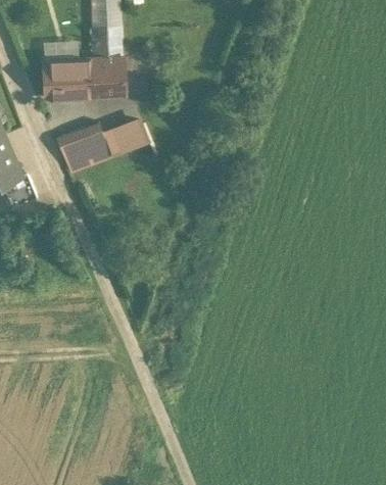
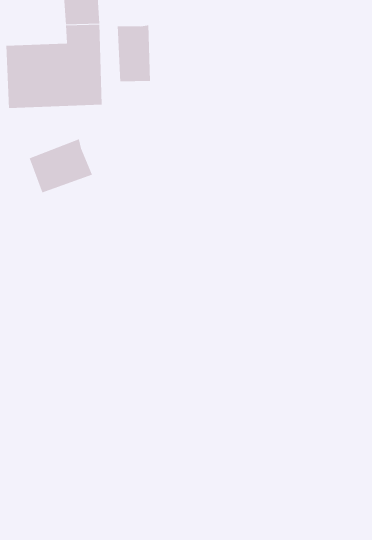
building: none -> [117,24,151,82]
building: [104,123,146,157] -> none

